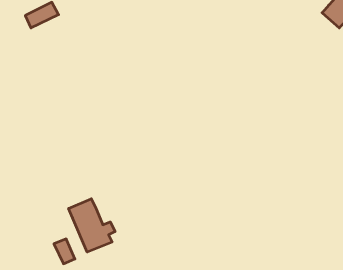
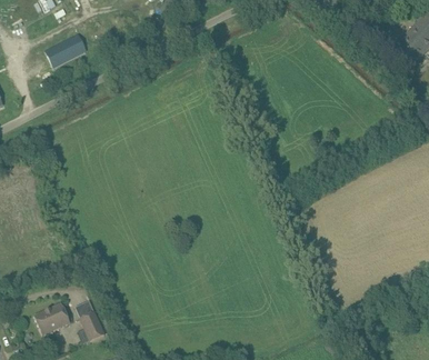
building: [69,199,115,252] -> none
building: none -> [33,302,69,334]

